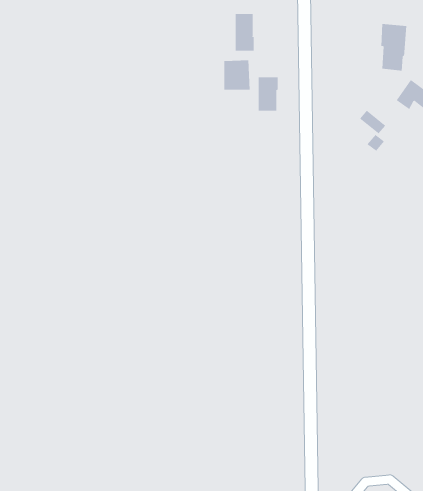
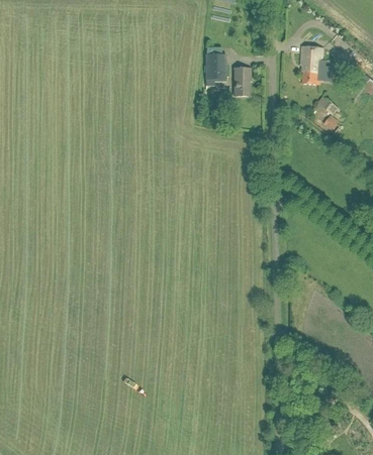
building: [235,13,254,51] -> none
building: [380,23,407,71] -> [301,46,323,86]

